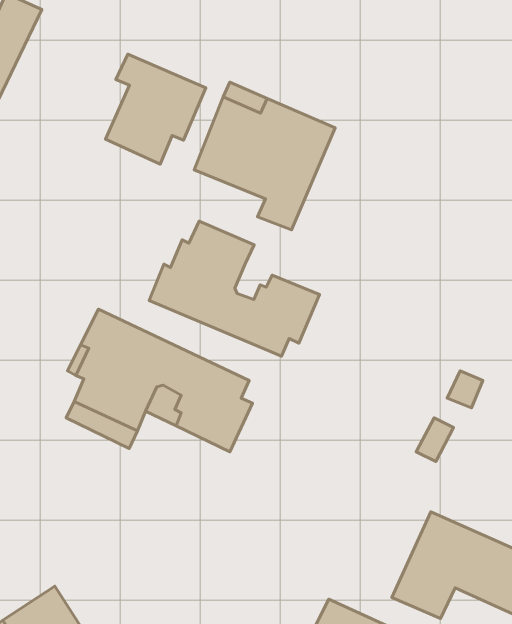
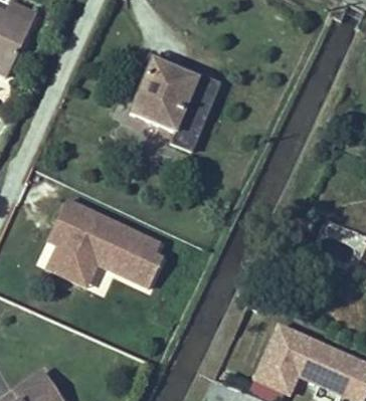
building: [105,54,206,164] -> none
building: [149,221,320,356] -> none

